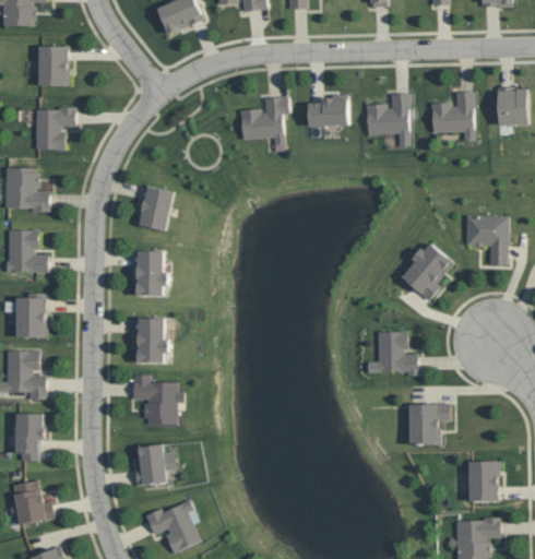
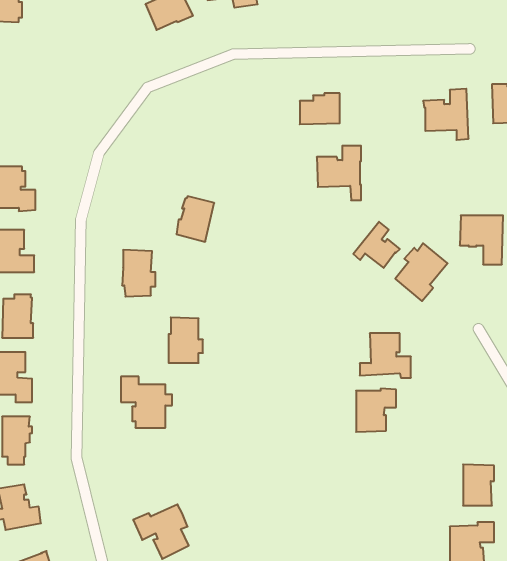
building: [37,46,69,86] -> none
building: [365,94,408,147] -> [317,146,361,200]
building: [239,97,288,145] -> none
building: [35,108,75,151] -> none
building: [135,187,173,231] -> [176,196,214,242]
building: none -> [353,222,400,268]
building: [133,318,167,362] -> [169,317,203,363]
building: [409,403,449,445] -> [356,389,396,432]
building: [134,444,176,485] -> none

